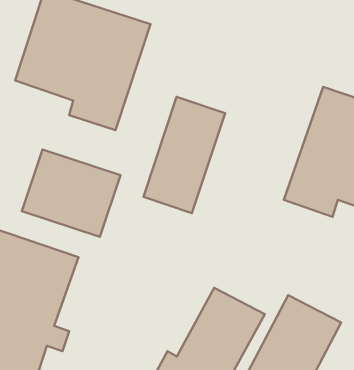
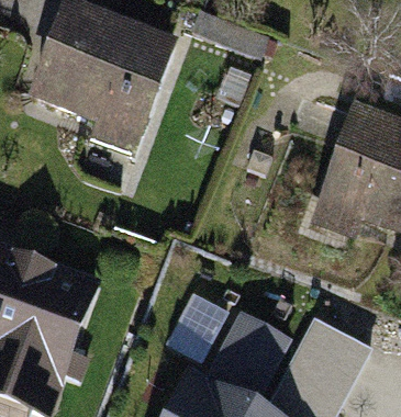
building: [143,97,225,213] -> none
building: [22,149,120,237] -> none

